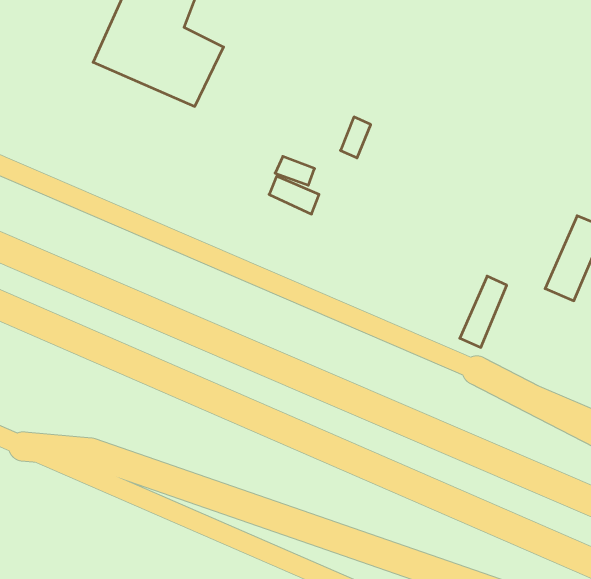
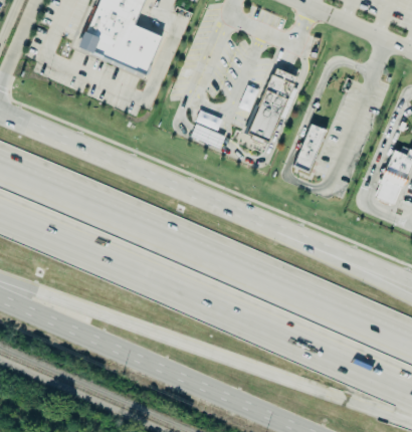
building: none -> [248,67,296,142]
building: [460,276,507,347] -> [294,124,326,171]

